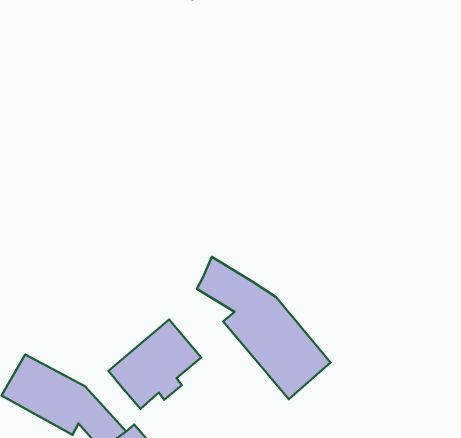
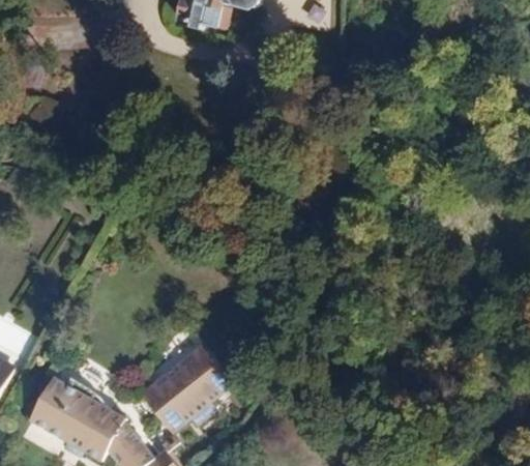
building: [197,257,330,399] -> none

